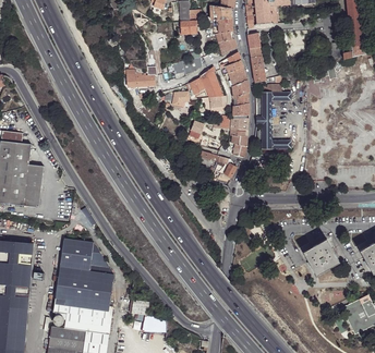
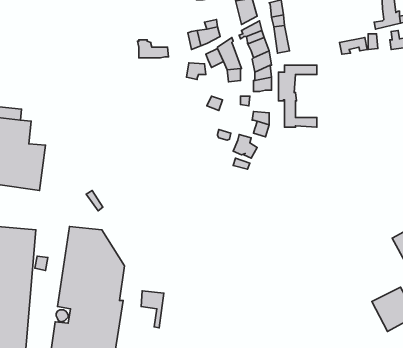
building: [303,239,339,275] -> none

